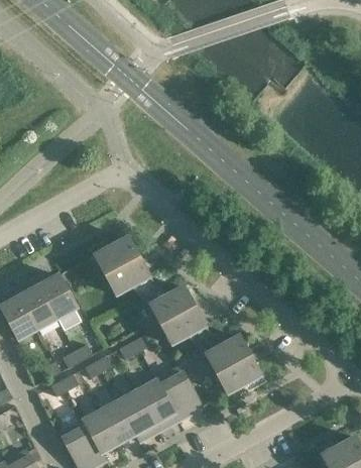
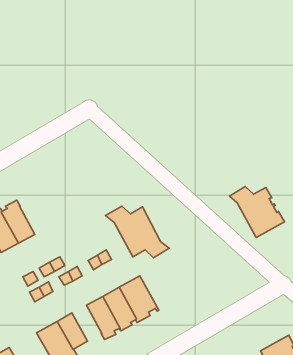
building: [95,237,159,296] -> none
building: [39,274,77,318] -> none
building: [197,334,261,393] -> [230,187,285,237]
building: [101,400,136,443] -> none

